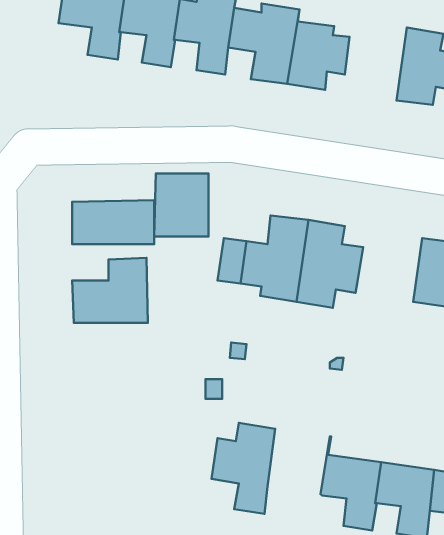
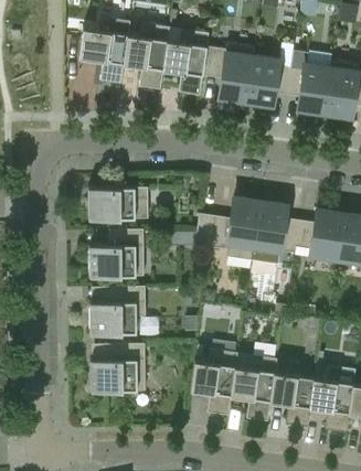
building: none -> [287,52,332,115]
building: [154,173,209,237] -> none
building: none -> [296,211,343,261]
building: none -> [89,287,145,334]
building: none -> [91,344,145,392]
building: none -> [231,354,276,422]

